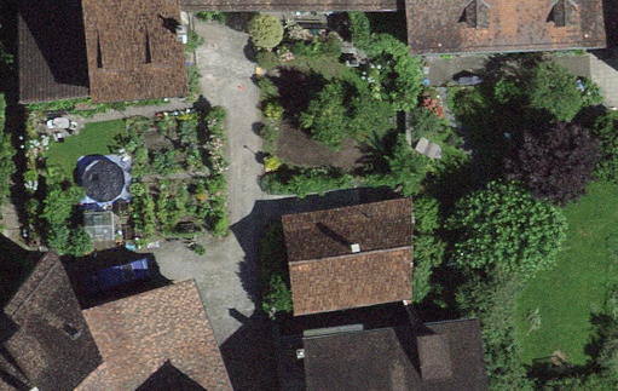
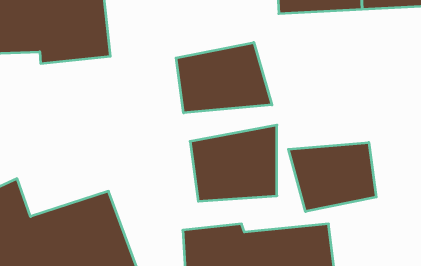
building: none -> [176,42,272,113]
building: none -> [288,142,376,212]

